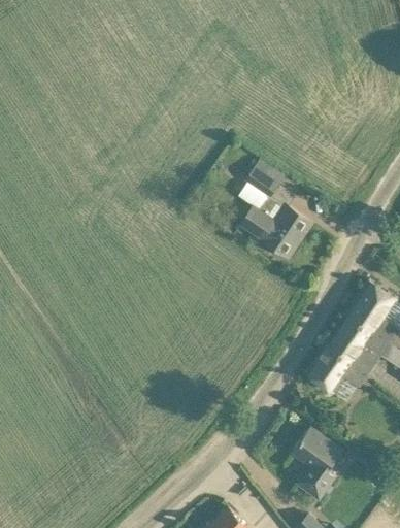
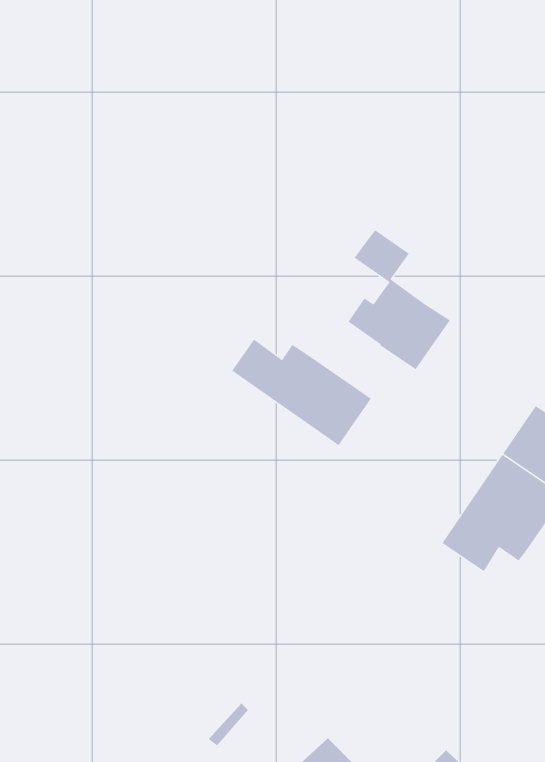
building: none -> [231,339,372,446]
building: [292,428,341,499] -> none

